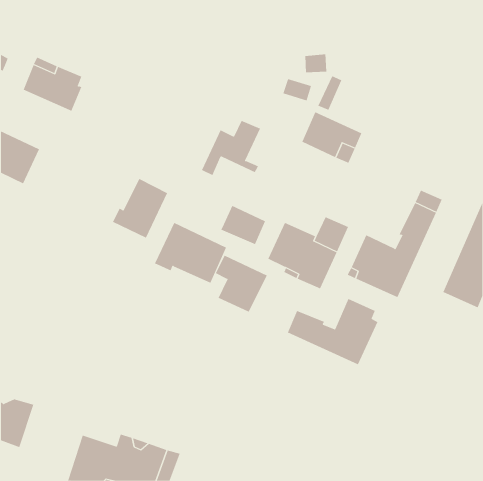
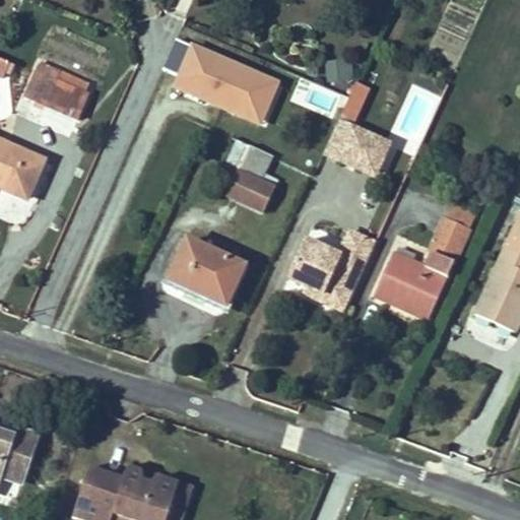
building: none -> [172,41,281,121]
building: [112,178,168,238] -> none
building: [220,205,266,245] -> [225,169,274,211]
building: [215,255,267,313] -> none
building: [287,298,378,365] -> none

